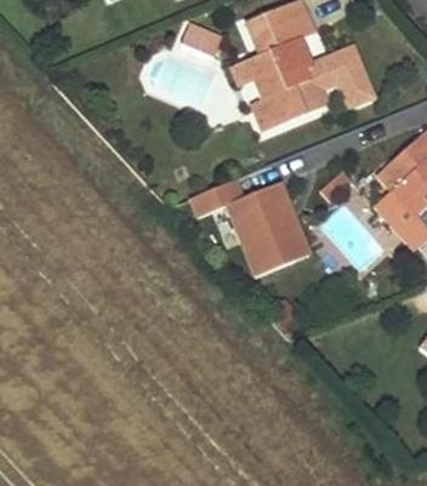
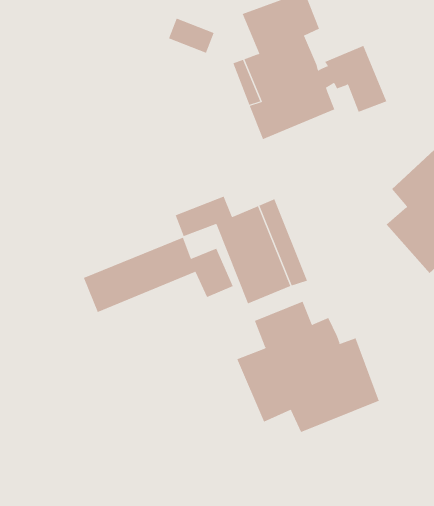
building: none -> [83,237,233,313]
building: none -> [237,301,380,433]

